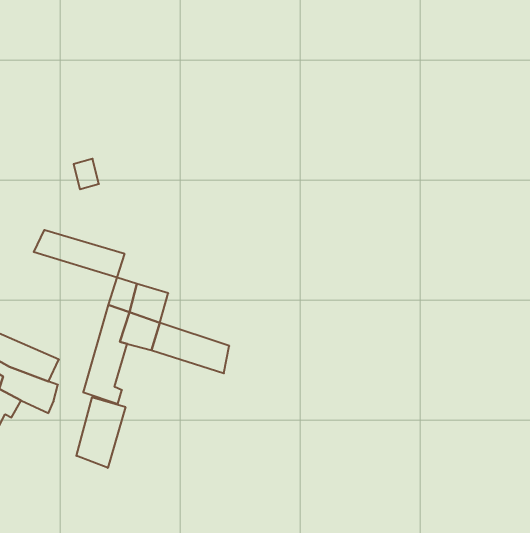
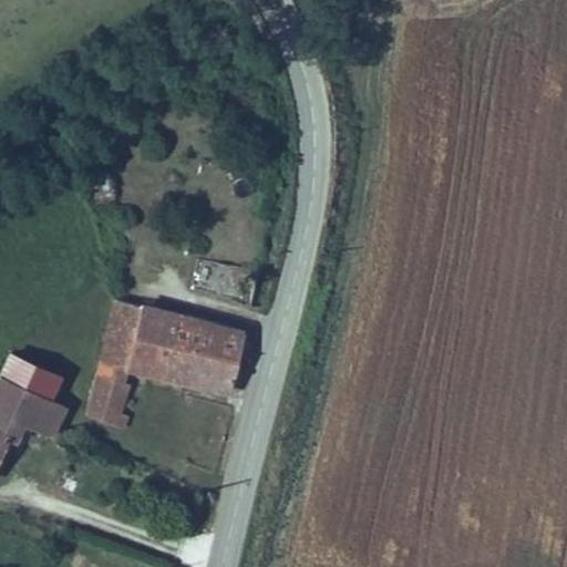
building: [34,230,124,278] -> none
building: none -> [168,313,249,369]
building: [76,397,125,468] -> none

